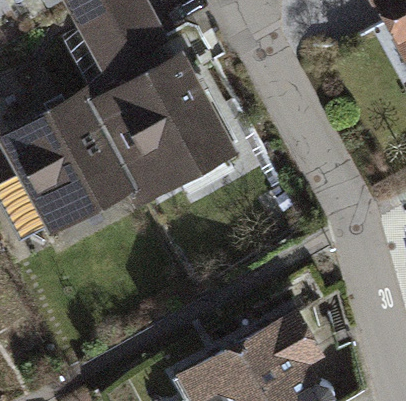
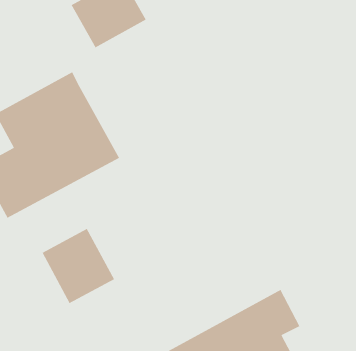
building: [97,56,231,195] -> none
building: none -> [42,228,115,304]

